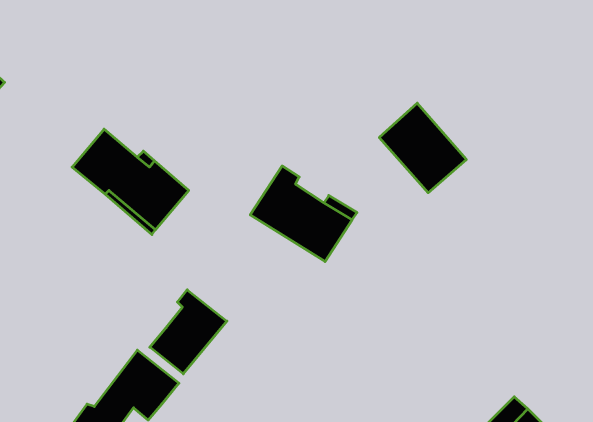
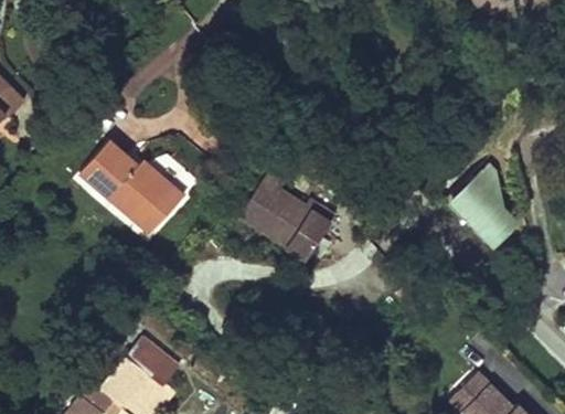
building: [379,103,466,193] -> [447,168,525,248]
building: [150,290,227,374] -> none

